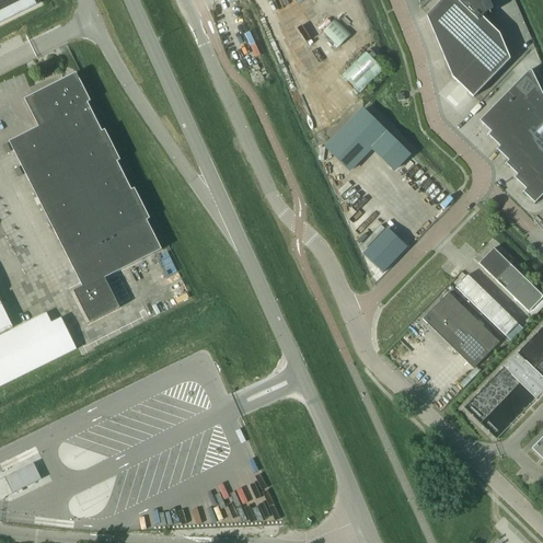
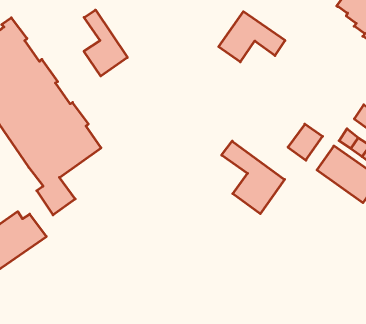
building: none -> [84,10,127,76]
building: [362,227,407,272] -> [288,124,323,160]
building: none -> [222,141,285,214]

